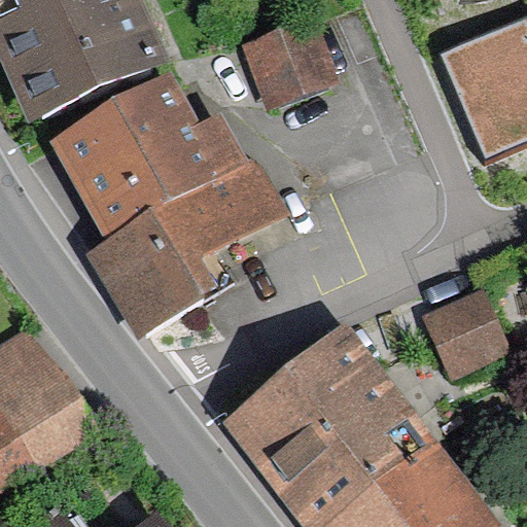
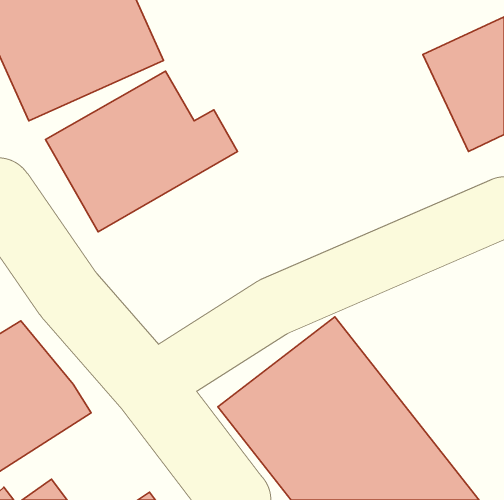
building: [242,16,338,107] -> none
building: [82,152,290,338] -> none
building: [420,288,506,377] -> none

